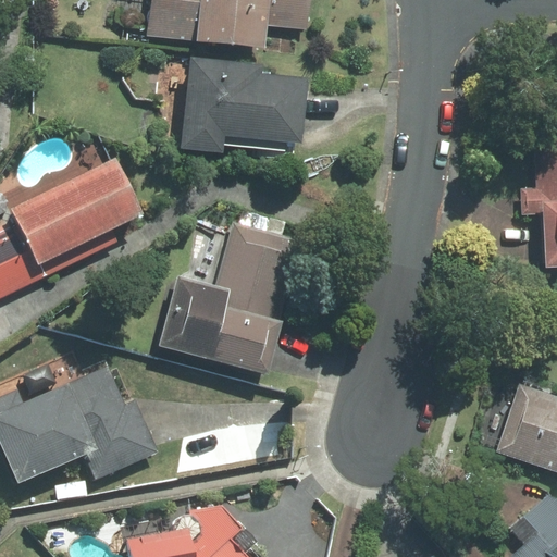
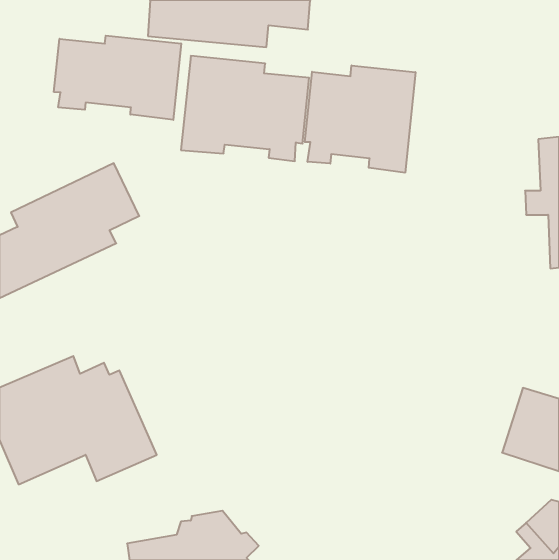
building: none -> [54,36,181,120]
building: none -> [305,65,415,173]
building: [161,222,301,371] -> none

